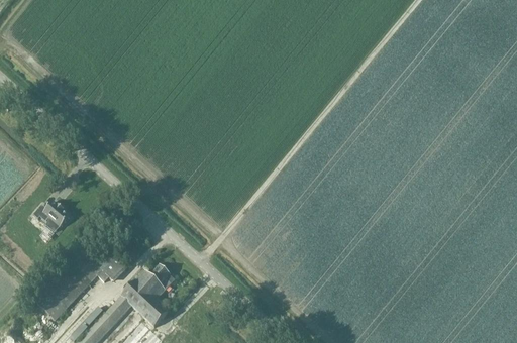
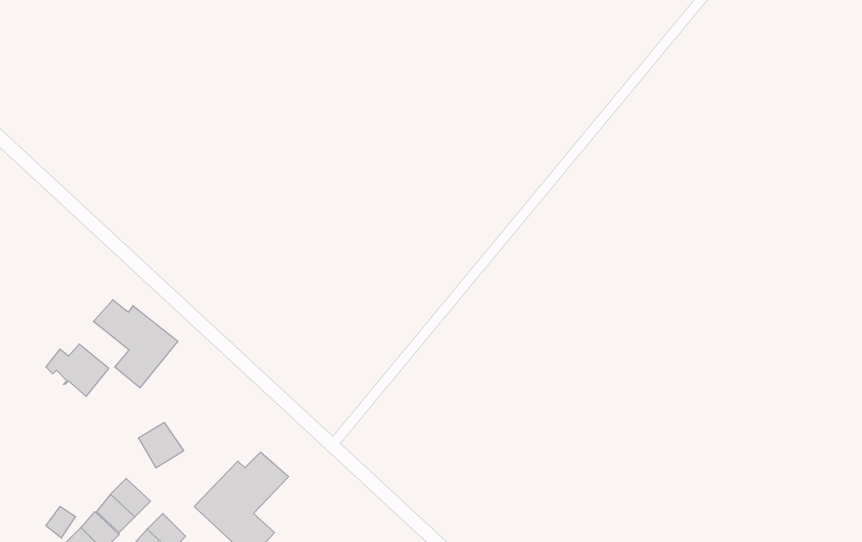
building: none -> [93,300,178,388]

